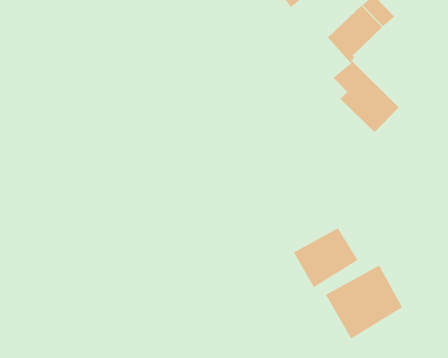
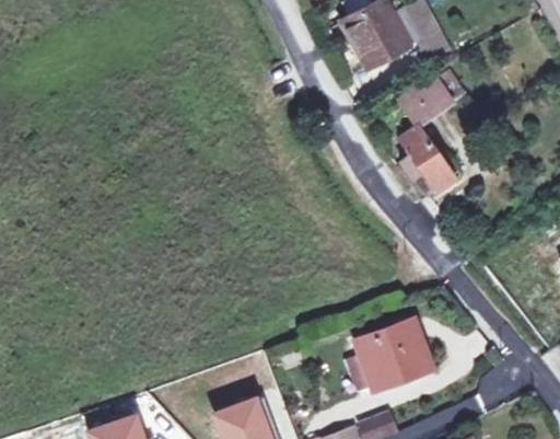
building: [293,227,359,288] -> none

